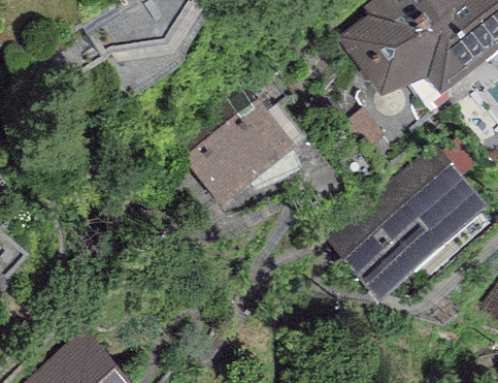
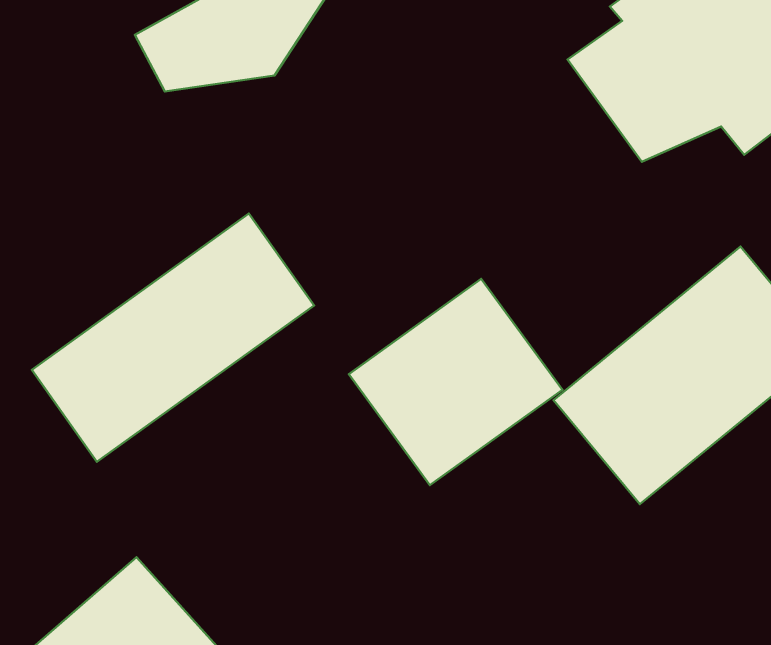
building: [173,86,298,206] -> [349,279,562,485]
building: none -> [32,214,314,462]

